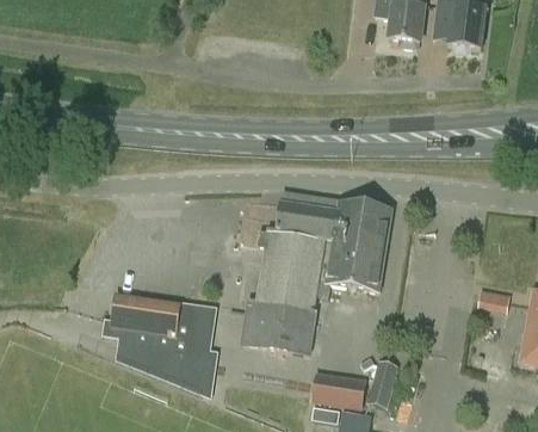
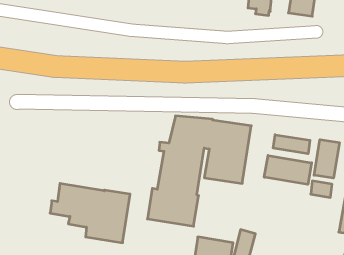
building: none -> [273,135,310,154]
building: none -> [314,140,339,178]
building: none -> [264,155,312,184]

